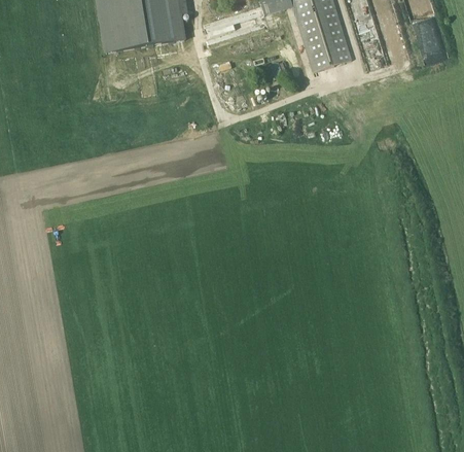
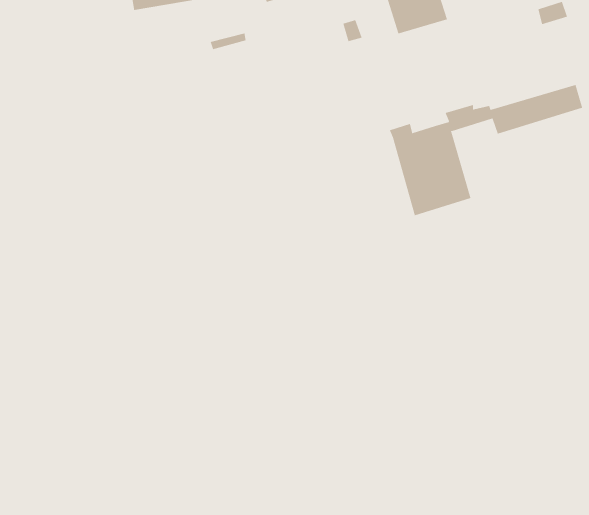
building: none -> [389,84,583,216]

